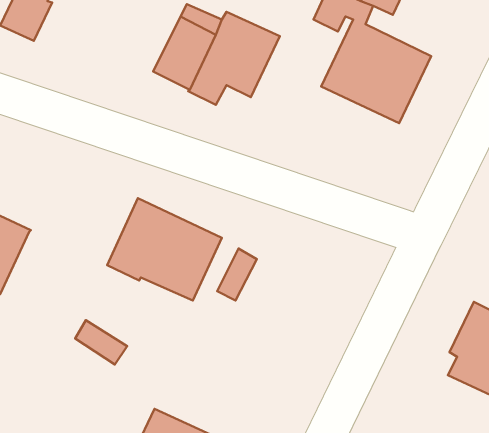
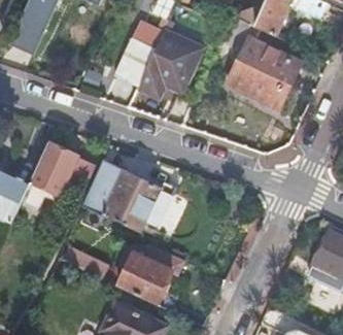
building: none -> [31,143,78,196]
building: none -> [110,243,184,307]

